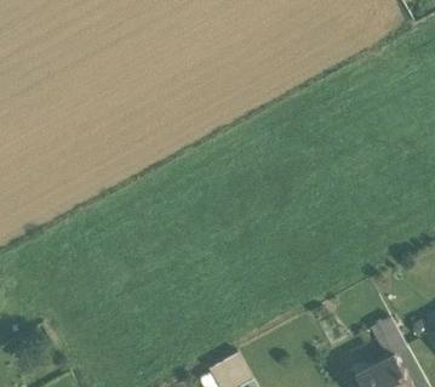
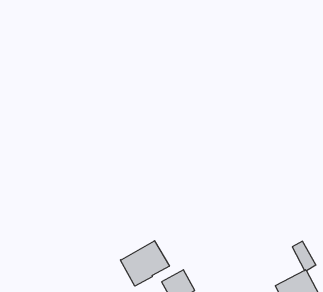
building: none -> [121,241,169,286]

